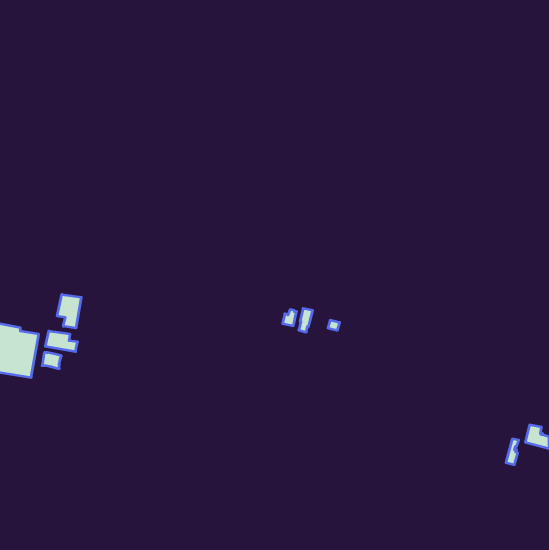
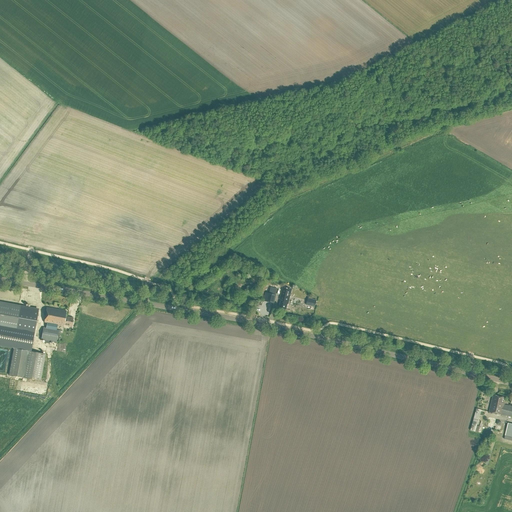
building: [57,294,81,328] -> none
building: none -> [7,348,43,380]

